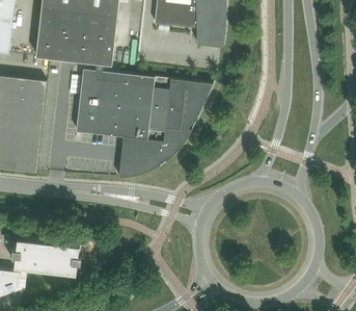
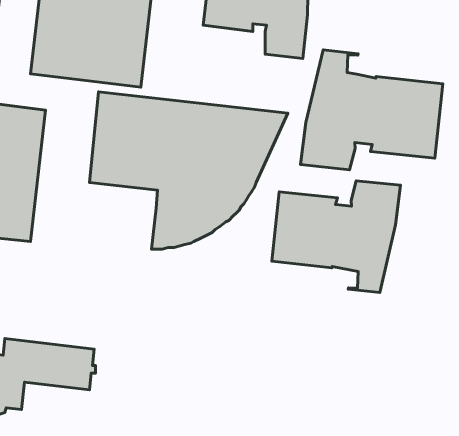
building: none -> [301,50,443,170]
building: none -> [272,181,400,293]

